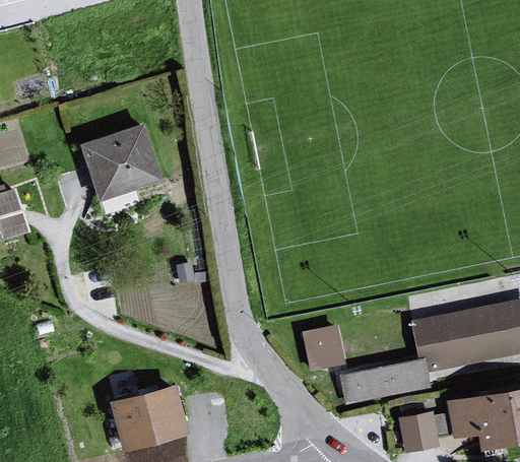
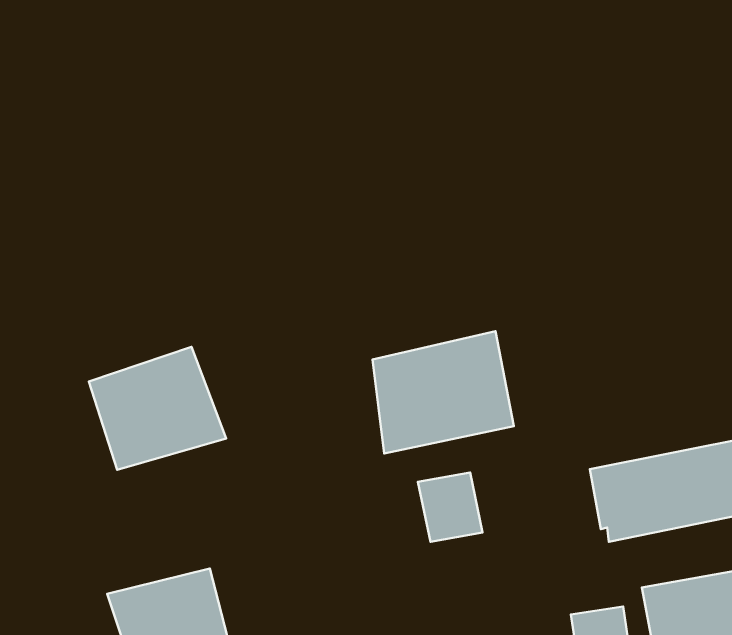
building: [76,125,165,204] -> [89,347,226,470]
building: none -> [373,331,514,453]
building: [344,360,431,400] -> none

